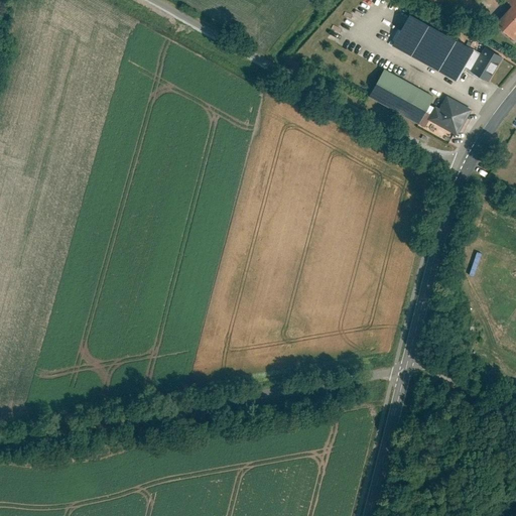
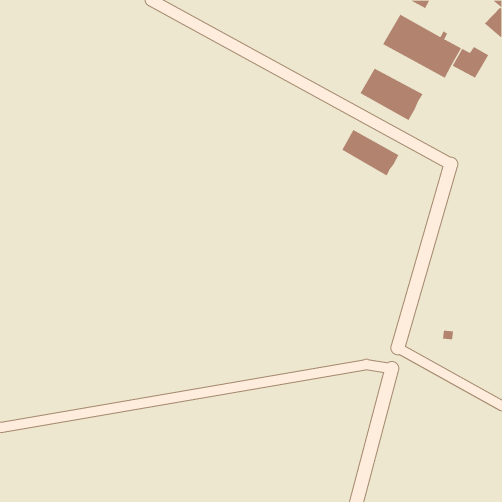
building: [426,98,470,134] -> none
building: none -> [342,129,399,176]

